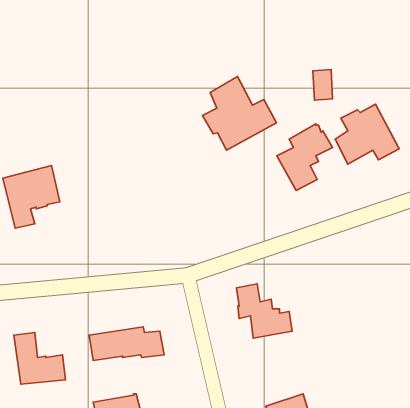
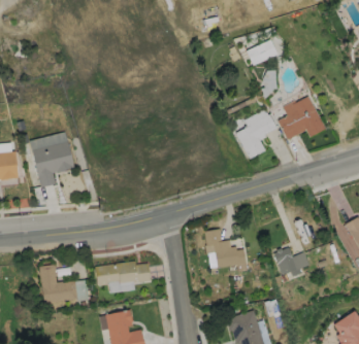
building: none -> [247,41,276,65]
building: [203,77,276,150] -> none
building: none -> [273,247,301,277]

